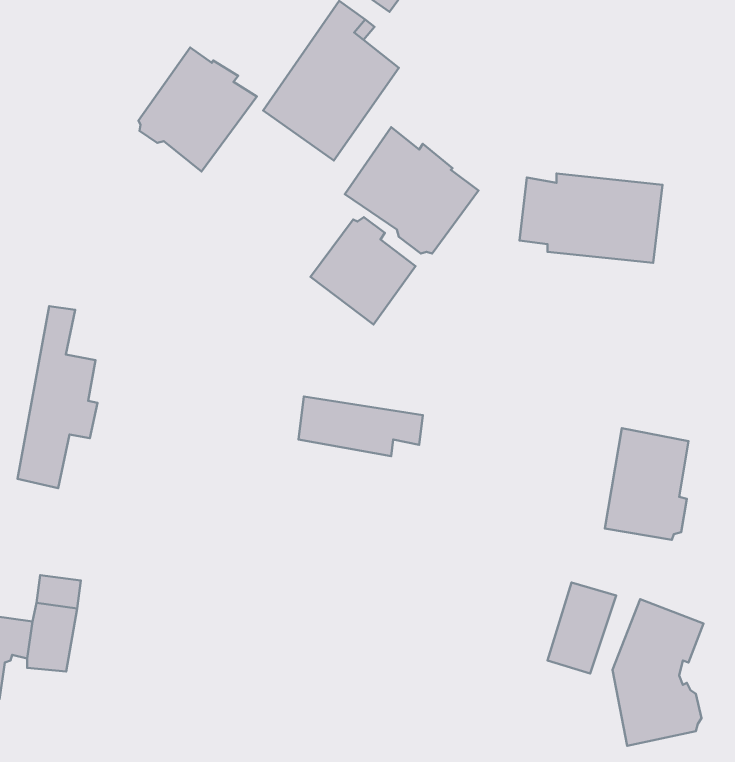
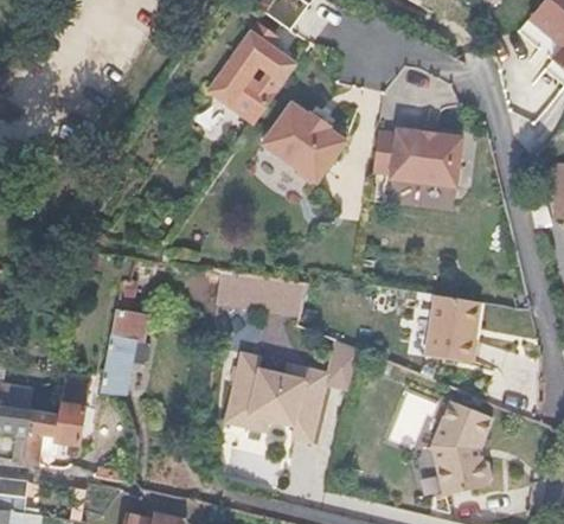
building: [138,47,257,171] -> none
building: [310,217,416,324] -> none
building: [17,306,97,488] -> [103,281,154,397]
building: none -> [226,350,332,442]

